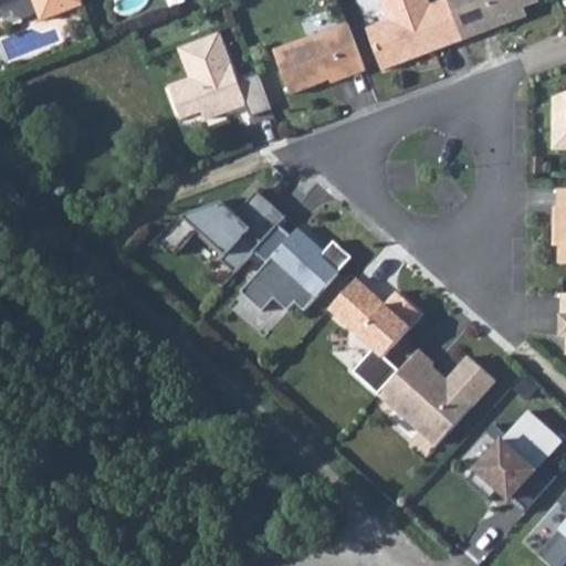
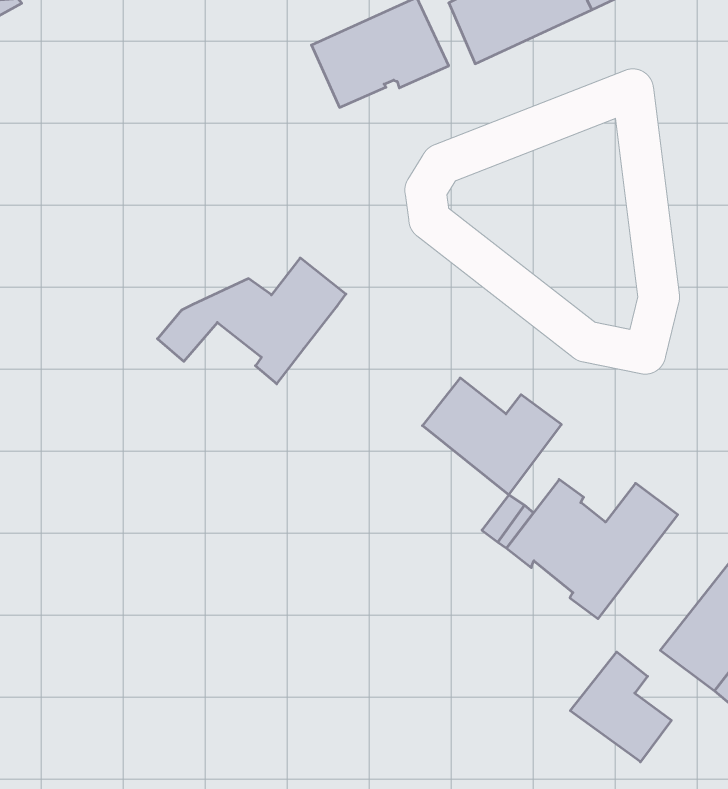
building: [166,38,266,133] -> none
building: [240,222,350,308] -> none
building: none -> [570,652,671,762]

